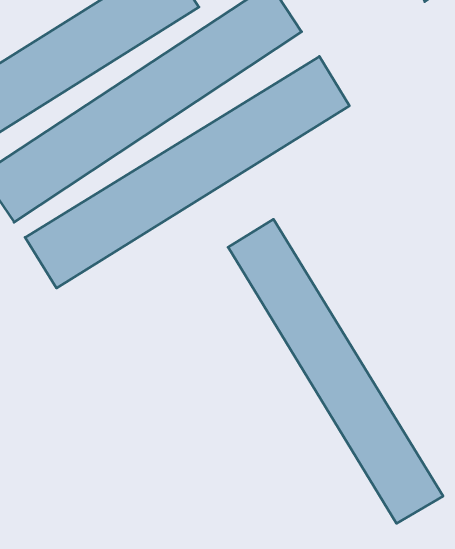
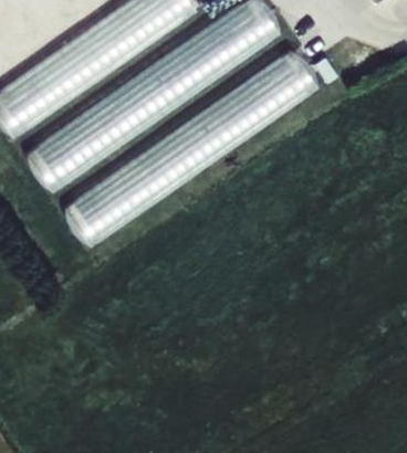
building: [228,219,443,523] -> none

